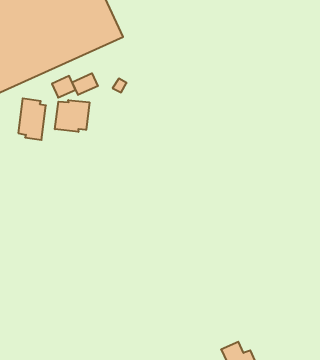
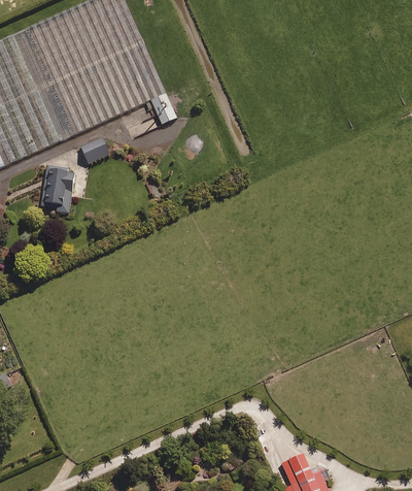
building: [72,73,98,95] -> none
building: [55,100,89,132] -> none

